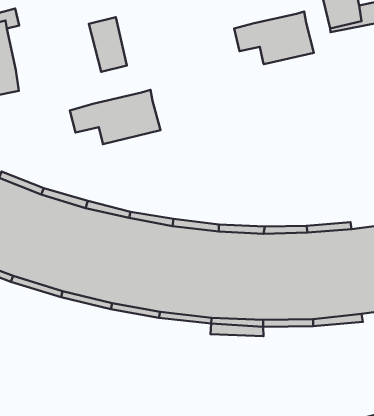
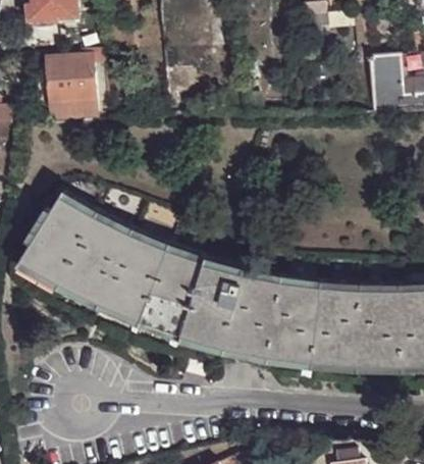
building: [234,12,314,64] -> none
building: [70,90,160,144] -> none

